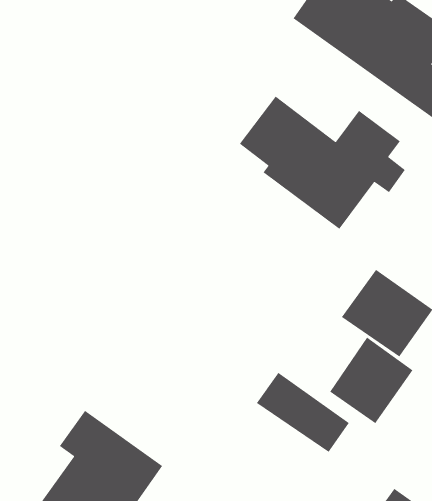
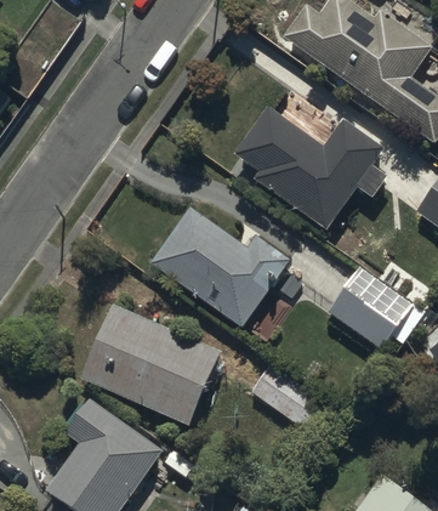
building: none -> [150,206,291,328]
building: none -> [81,305,221,425]
building: [329,337,414,424] -> none

